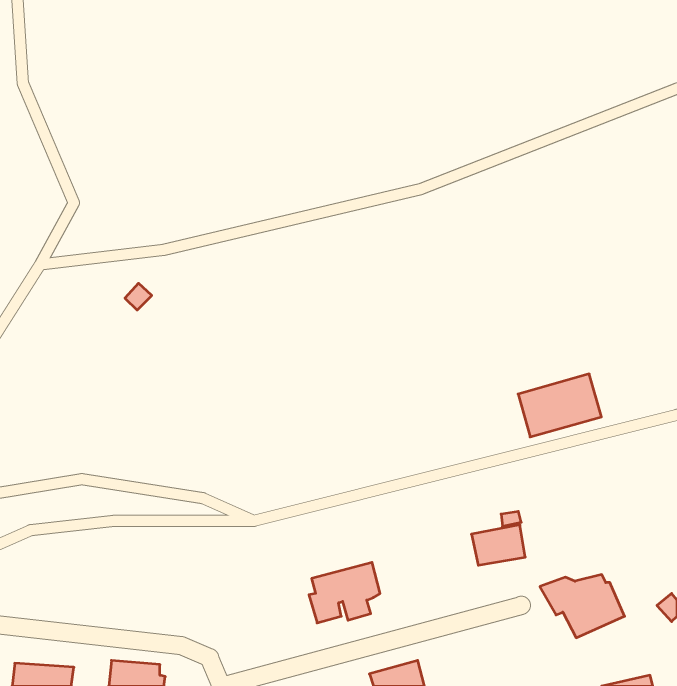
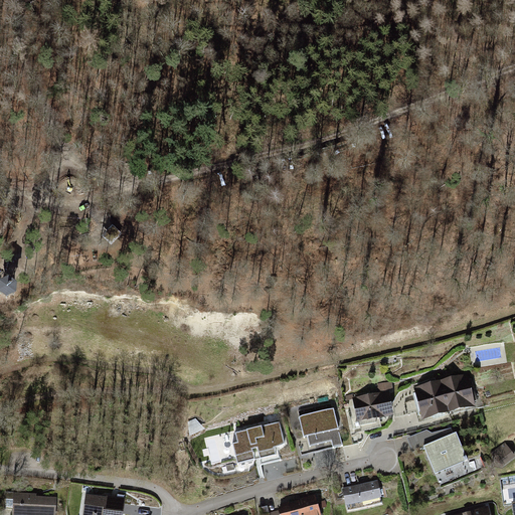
building: [518,374,601,437] -> [412,375,475,422]
building: none -> [299,409,342,450]
building: none -> [342,481,383,508]

